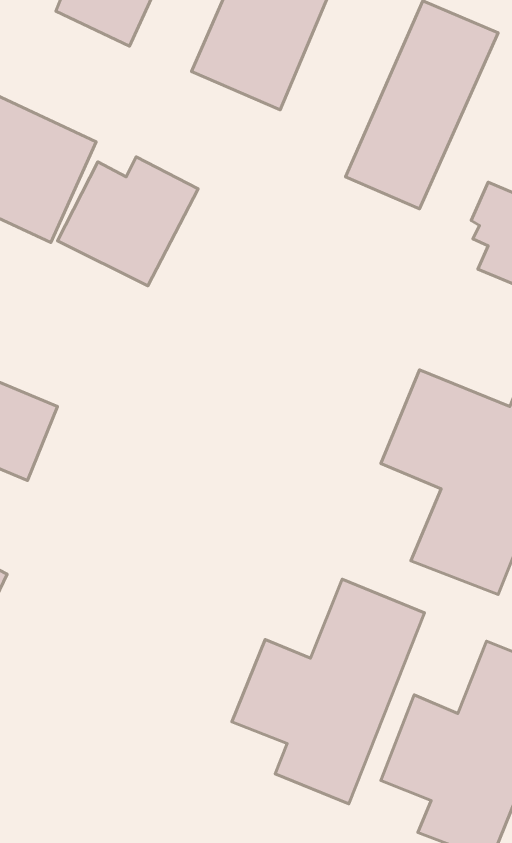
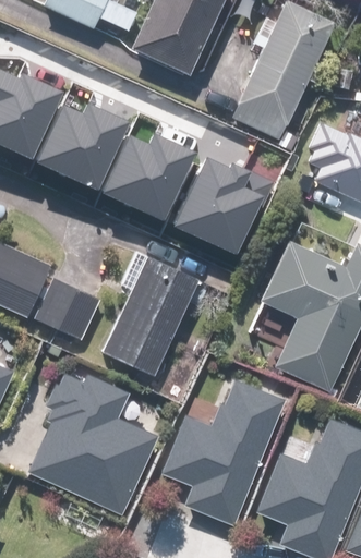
building: none -> [109,133,200,217]
building: none -> [182,157,280,254]
building: none -> [104,259,194,374]
building: none -> [36,281,96,337]
building: none -> [26,372,158,514]

